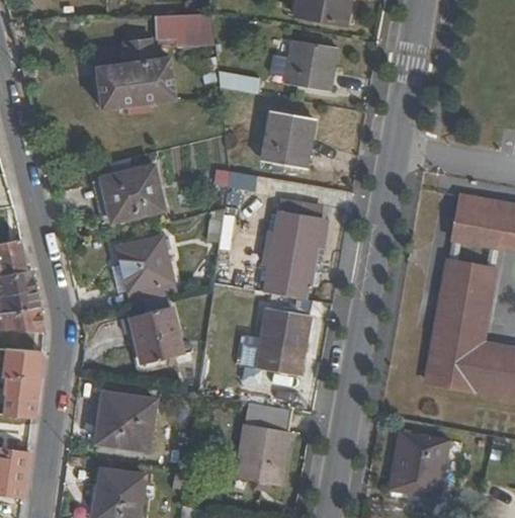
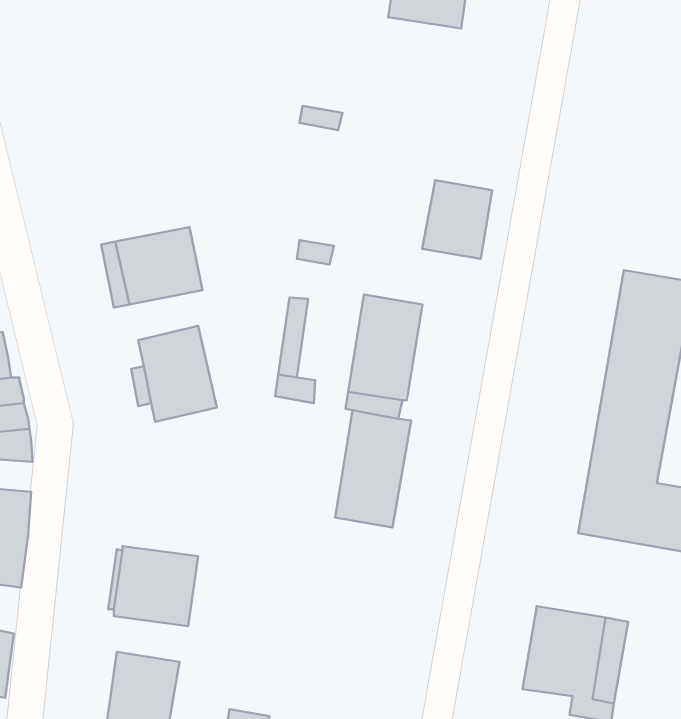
building: [156,15,211,40] -> none
building: [95,39,172,106] -> none
building: [285,44,334,91] -> none
building: [263,114,313,170] -> [422,180,492,259]
building: [130,307,180,363] -> none
building: [237,404,291,486] -> none

